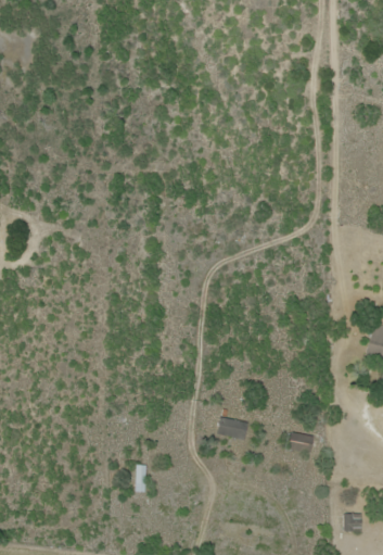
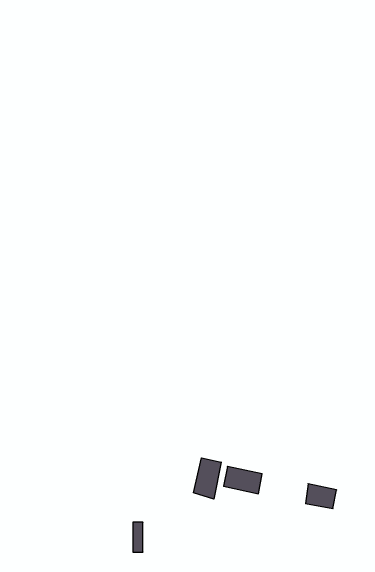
building: none -> [194,458,221,499]

